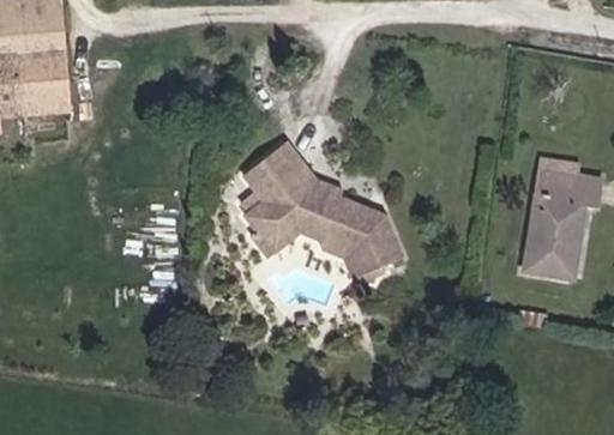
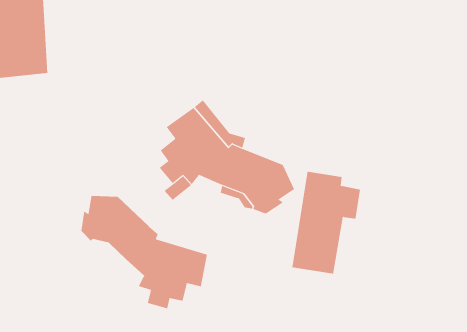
building: [506,149,592,277] -> [291,171,361,274]
building: none -> [81,195,208,309]

